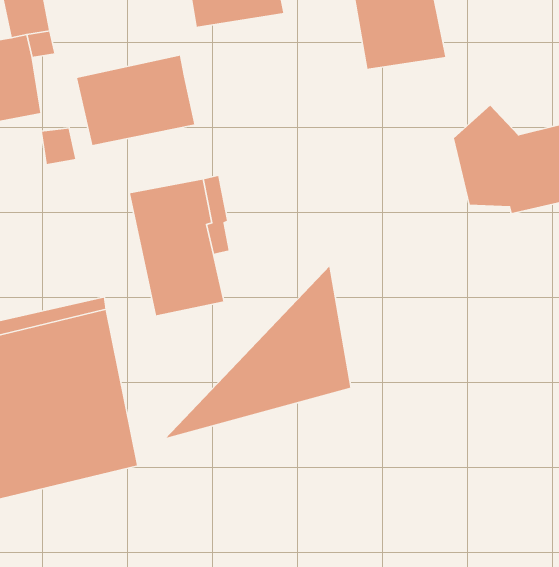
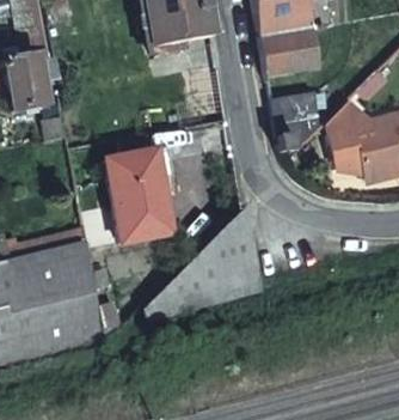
building: [76,55,195,146] -> none
building: none -> [269,91,320,151]

